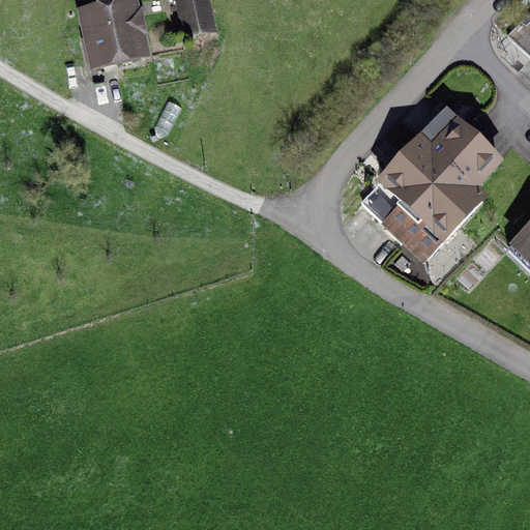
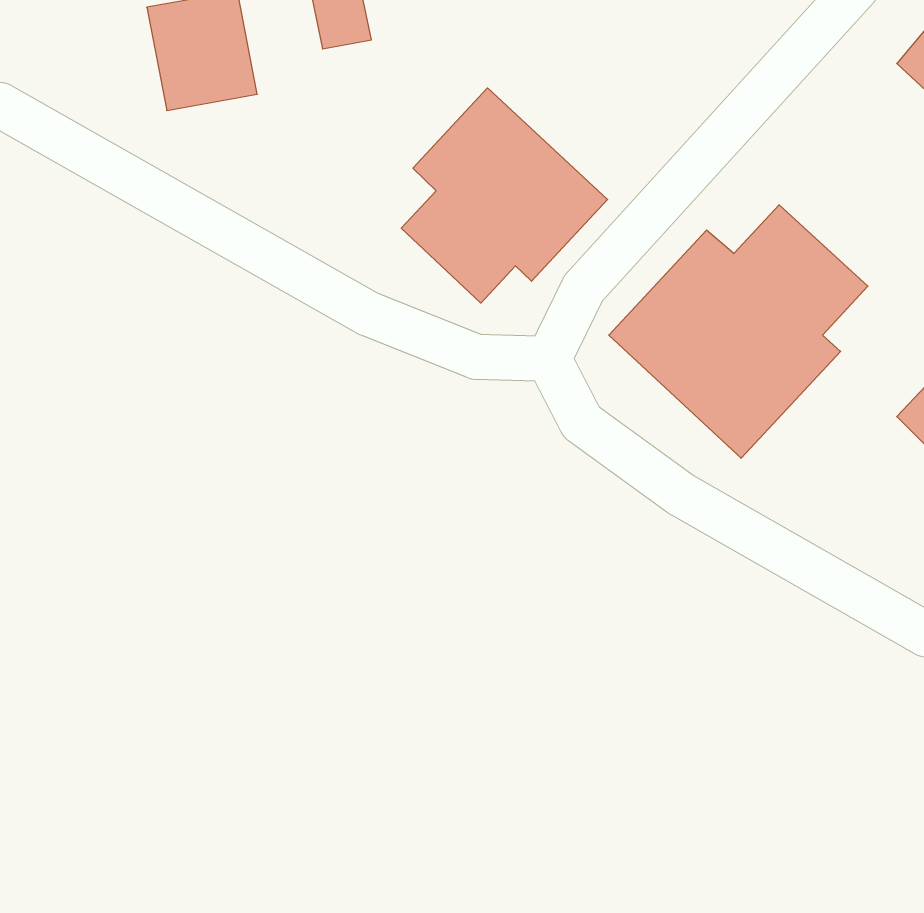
building: none -> [401,88,608,303]

